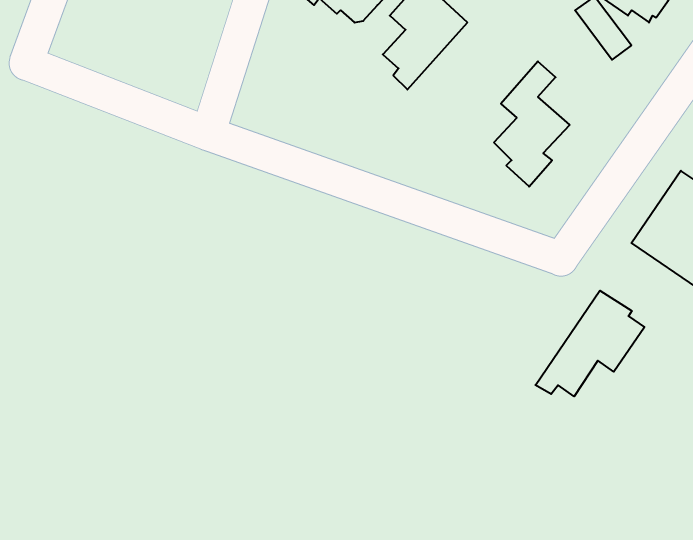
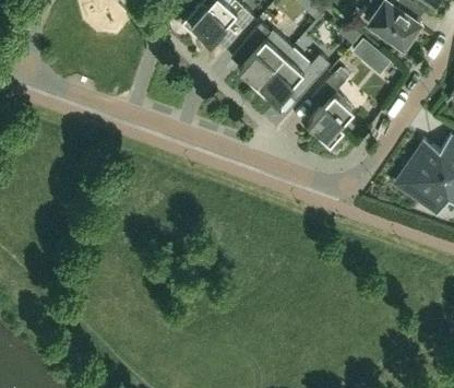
building: none -> [253,48,318,103]
building: [535,291,644,396] -> none

